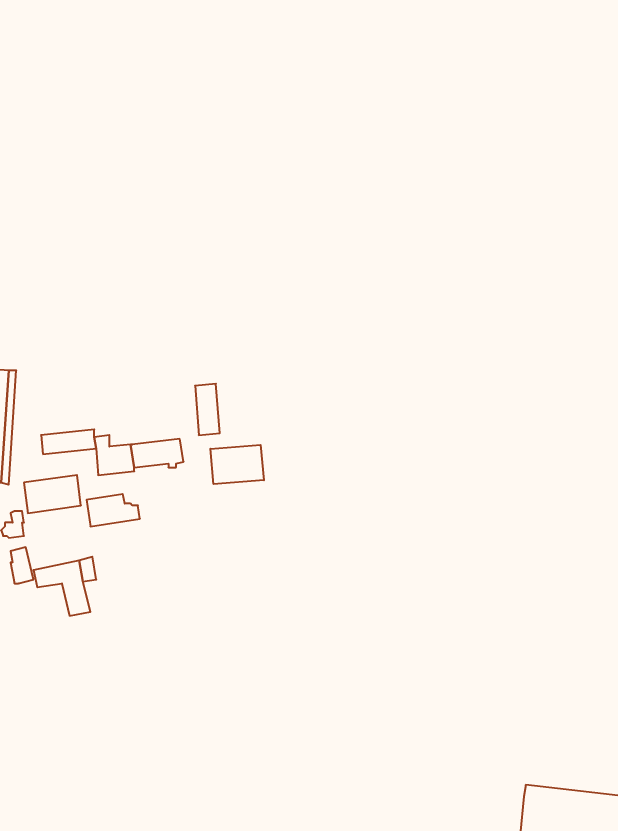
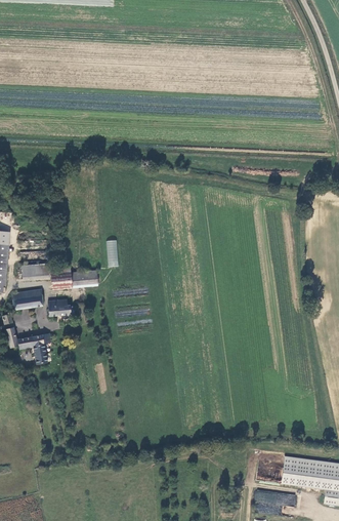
building: [210,445,264,484] -> none

